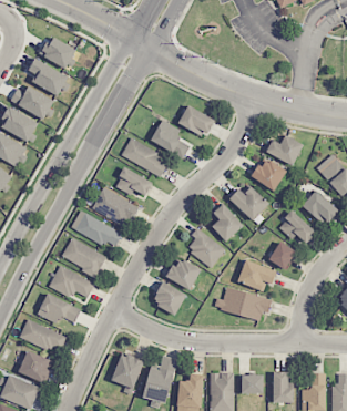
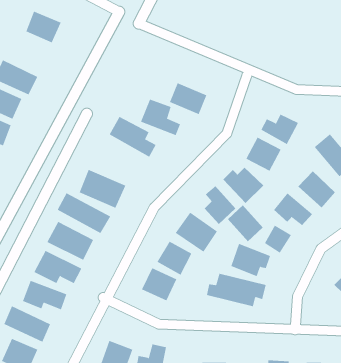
building: [28,58,69,96] -> none
building: [115,167,153,201] -> none
building: none -> [227,205,263,242]

